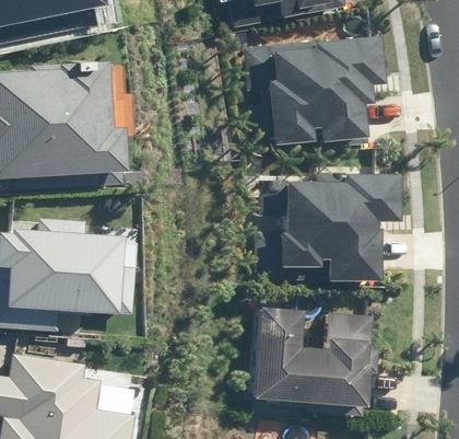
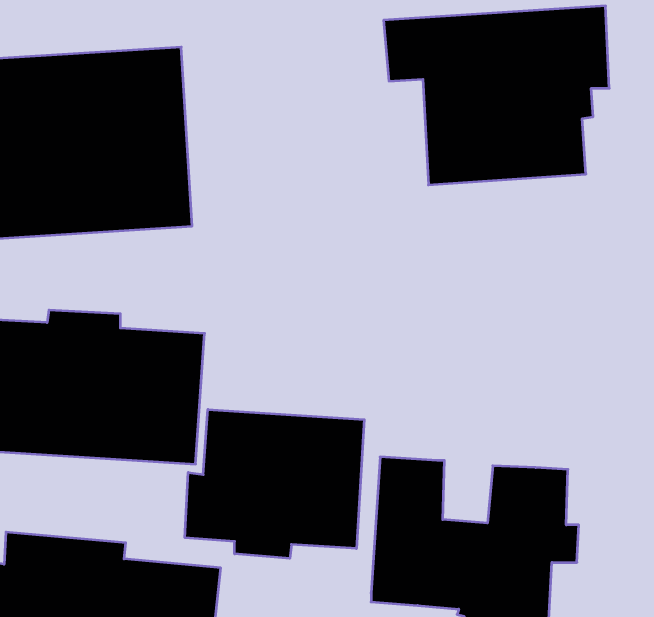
building: [259,170,400,280] -> none
building: none -> [185,409,364,558]

